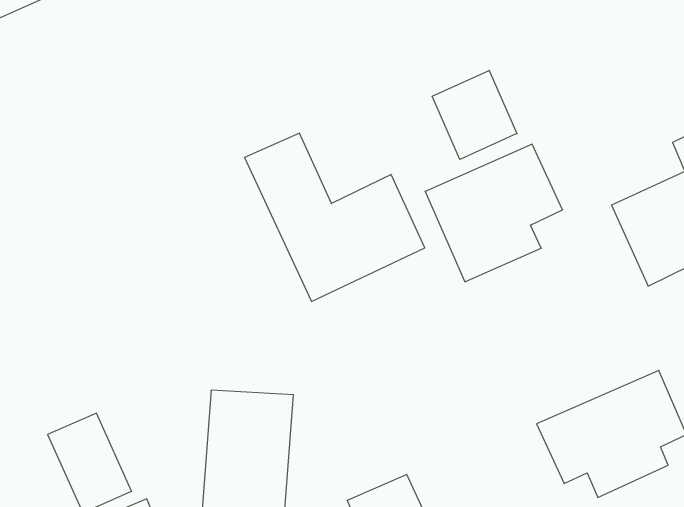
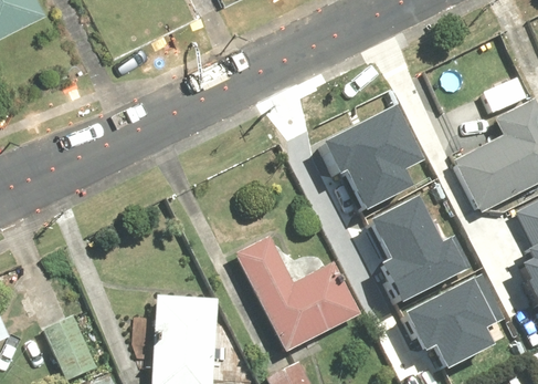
building: [432,70,517,159] -> none
building: [244,133,425,301] -> [234,231,365,353]
building: none -> [356,206,465,302]

